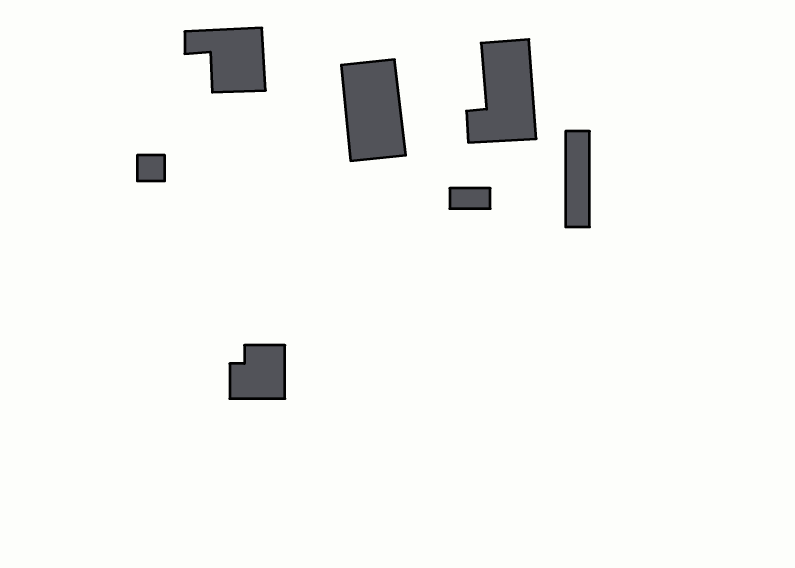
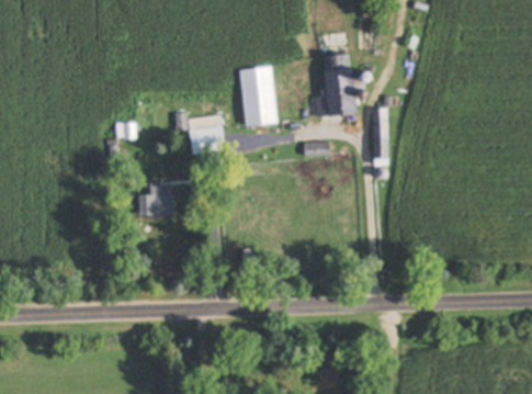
building: [185,28,266,92] -> [174,115,223,154]
building: [230,345,285,399] -> [139,182,172,214]

